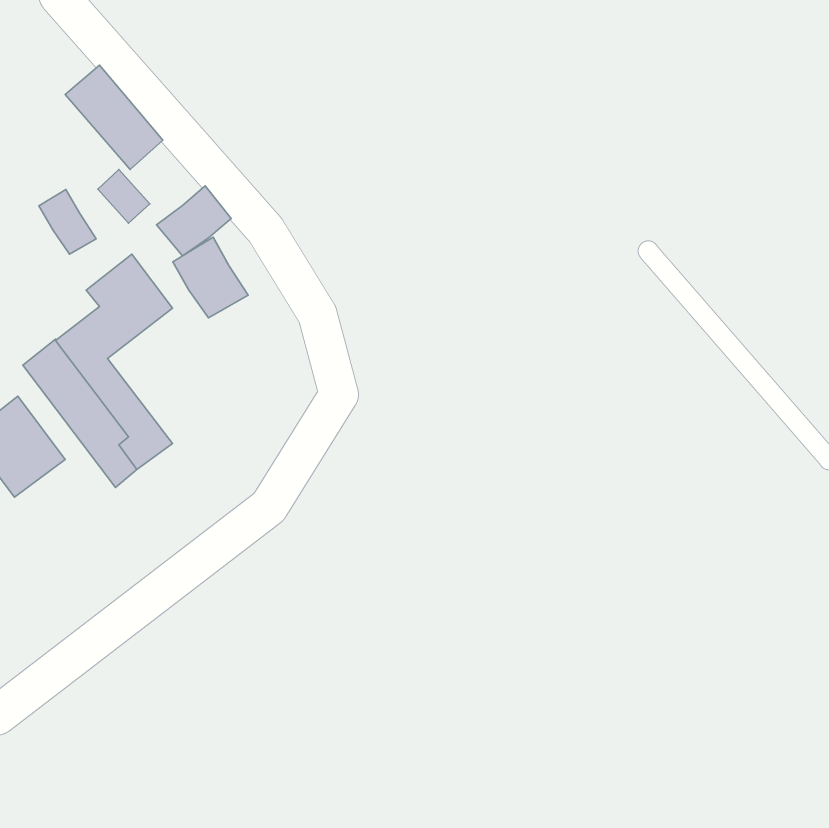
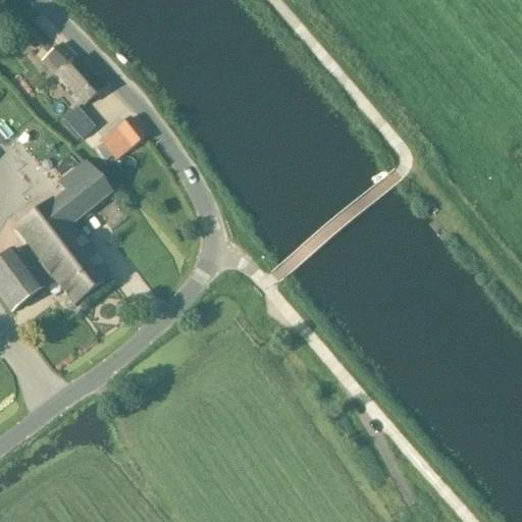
building: [39,189,96,254] -> none
building: [173,237,248,318] -> none

